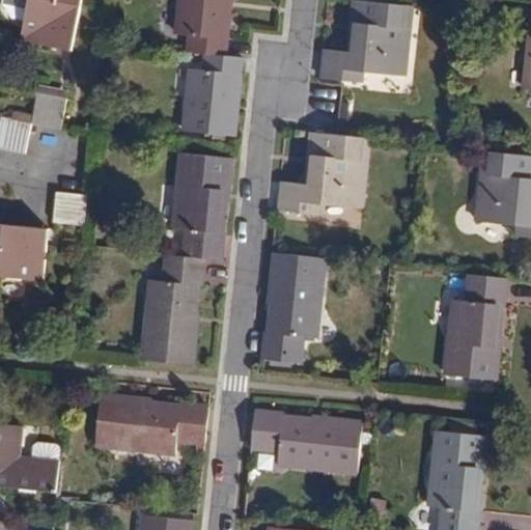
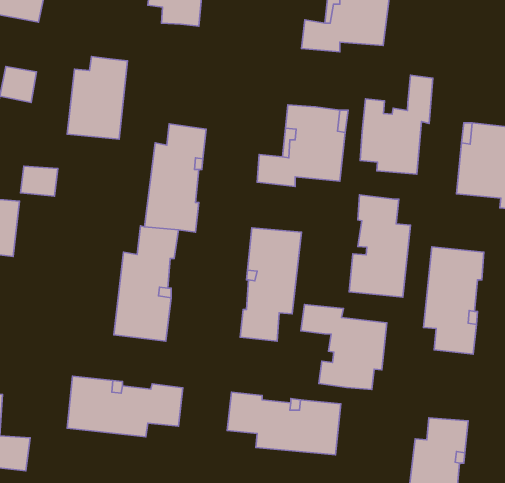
building: [183,53,242,134] -> [67,57,128,139]
building: none -> [360,75,433,174]
building: none -> [349,195,411,297]
building: none -> [301,304,387,390]

